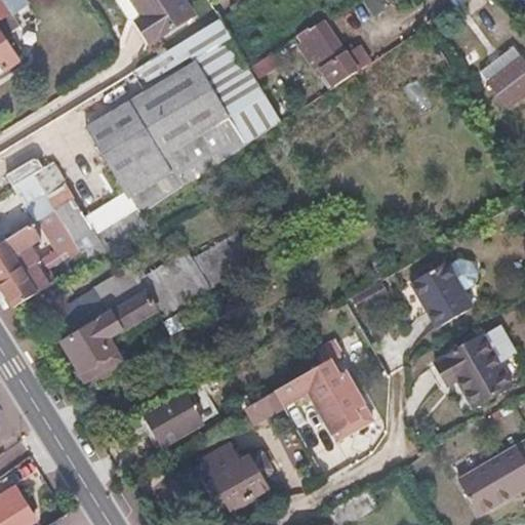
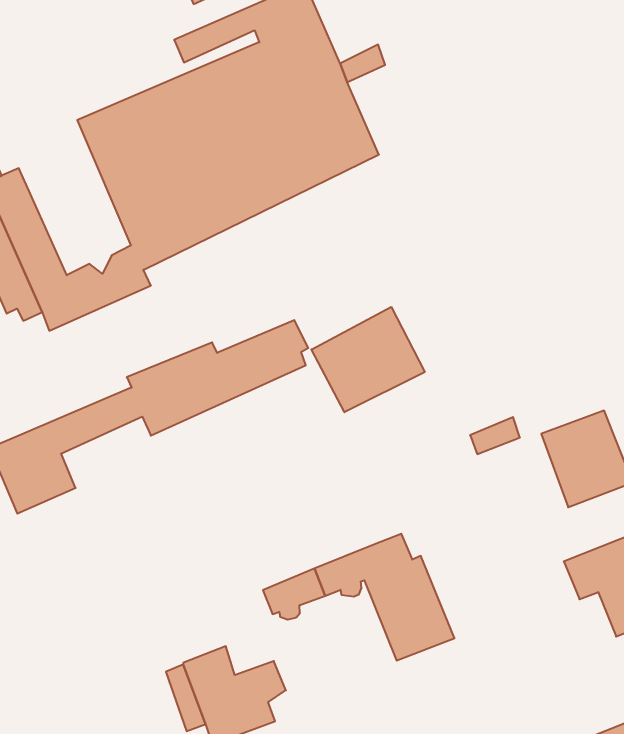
building: [298,19,370,85] -> none
building: none -> [311,307,425,412]
building: [139,381,219,449] -> none

